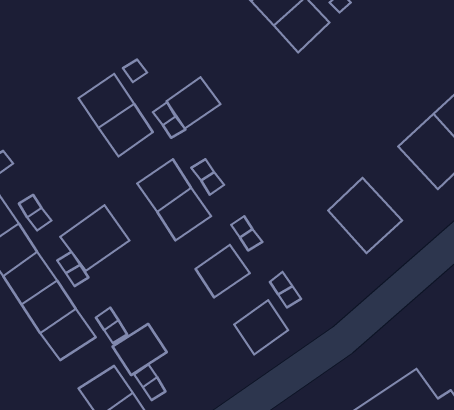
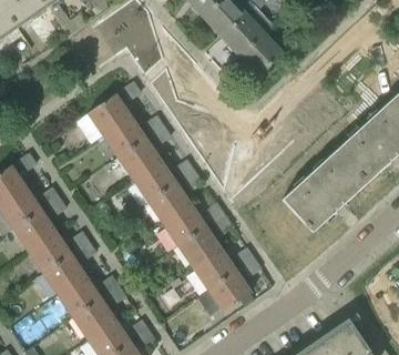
building: [166,77,221,128] -> [119,138,161,178]
building: none -> [308,149,367,206]
building: [60,205,129,271] -> none
building: none -> [163,203,205,244]
building: none -> [193,247,235,287]
building: [113,324,167,375] -> [73,297,115,337]

